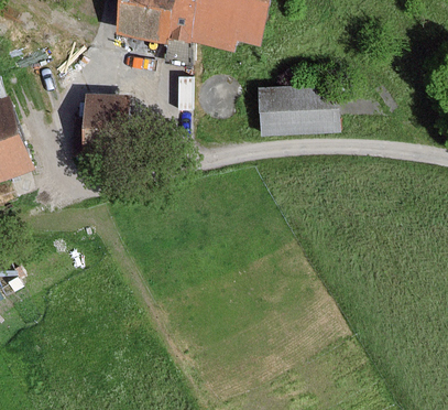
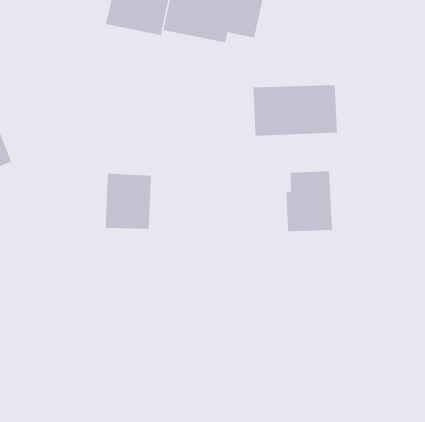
building: [80,97,124,150] -> [105,173,152,229]
building: none -> [286,170,333,232]

